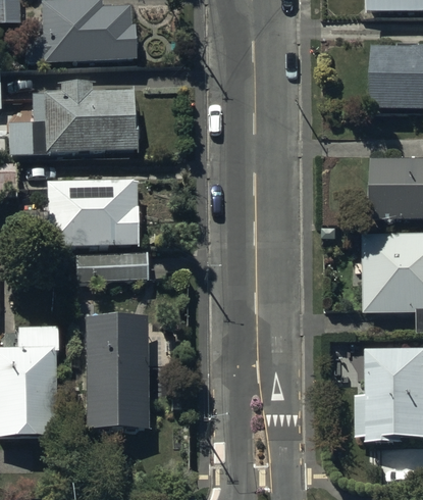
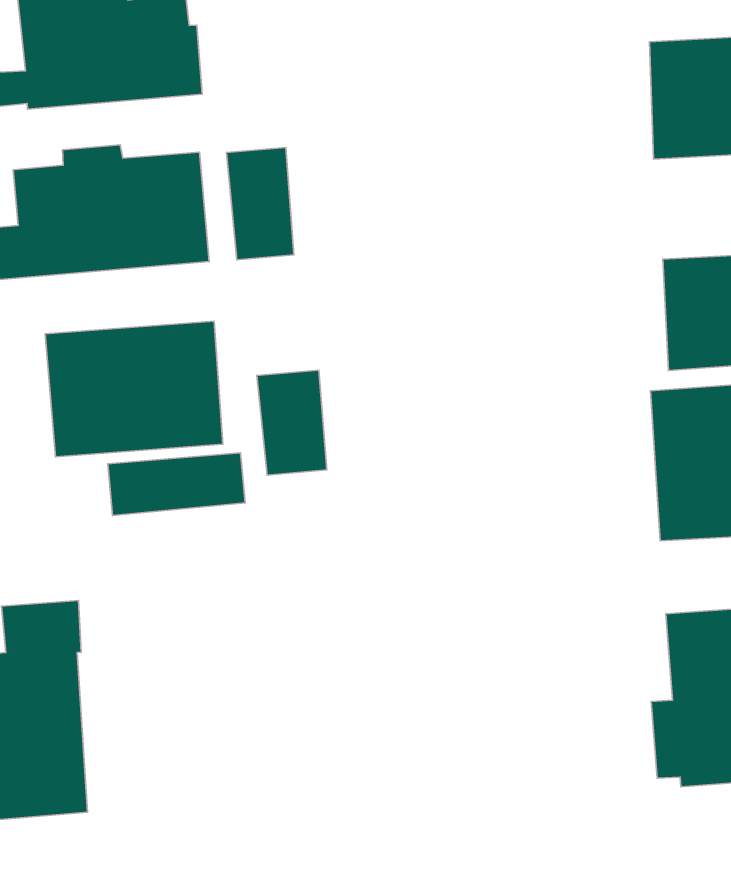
building: none -> [226,148,294,260]
building: none -> [257,370,327,475]
building: [86,316,150,432] -> none

